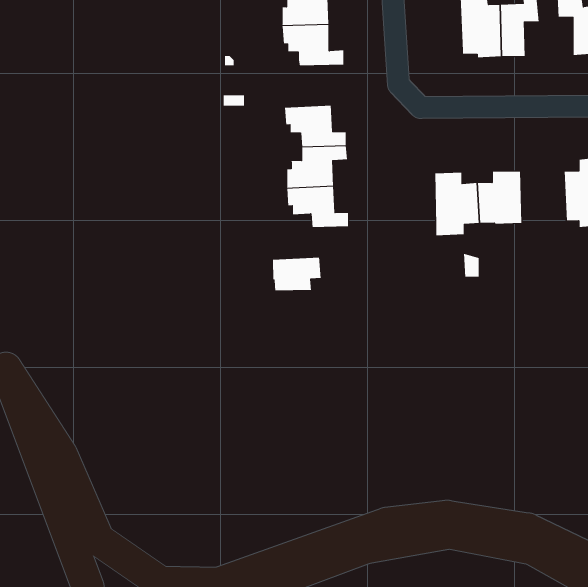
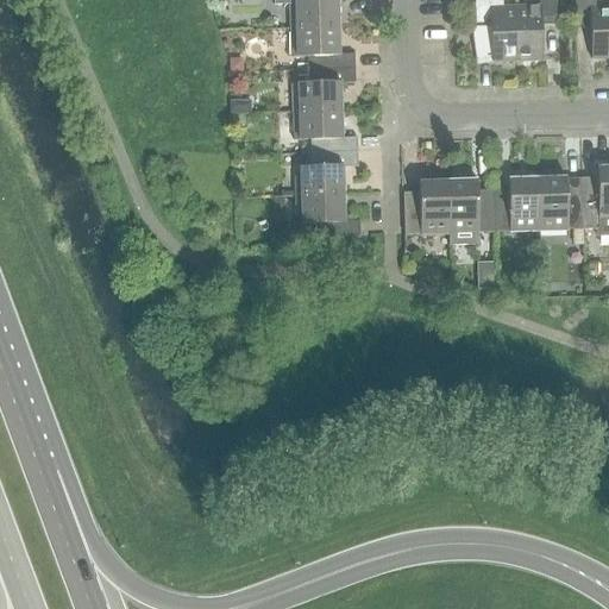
building: none -> [294,67,358,111]
building: none -> [539,175,585,230]
building: none -> [404,178,451,233]
building: [272,257,321,291] -> none

